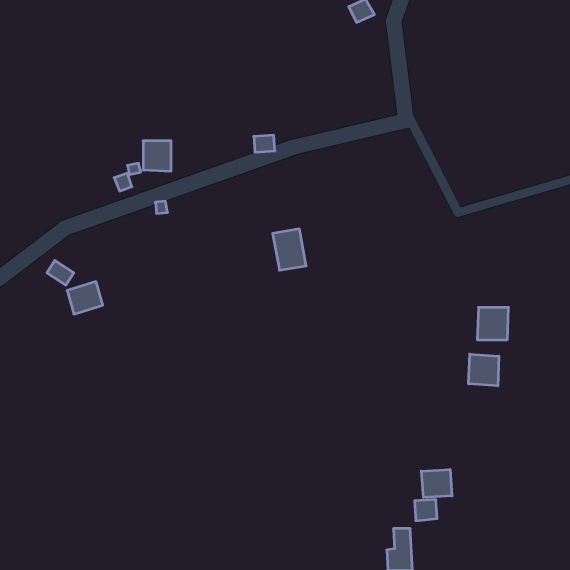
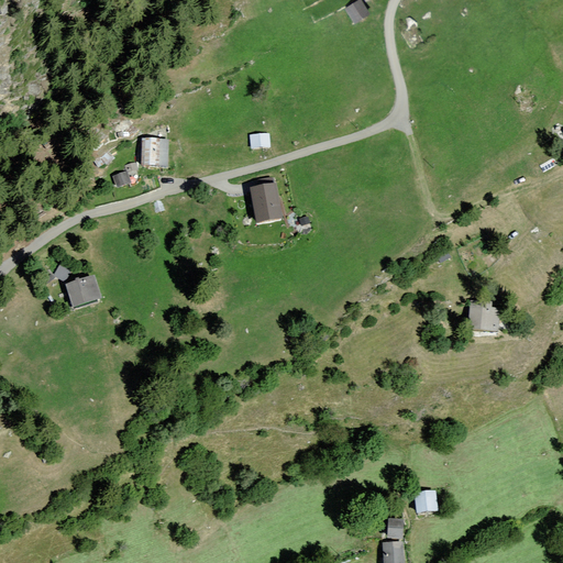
building: [273,229,306,270] -> [247,181,280,222]
building: [469,354,499,386] -> none
building: [421,469,452,497] -> none

